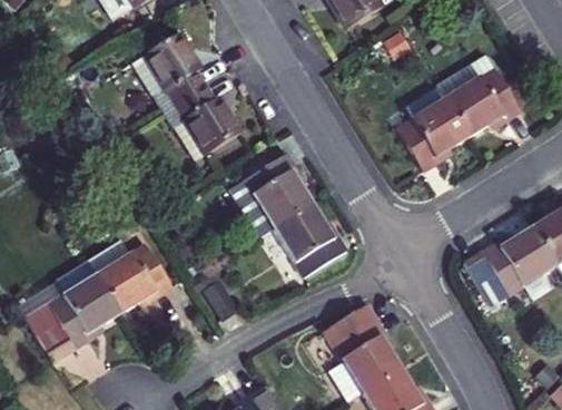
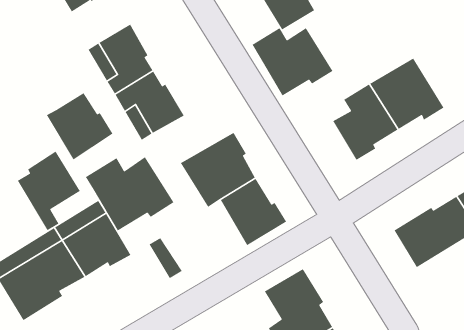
building: none -> [251,27,333,96]
building: none -> [46,92,114,161]
building: none -> [17,150,81,231]
building: none -> [85,156,175,231]

